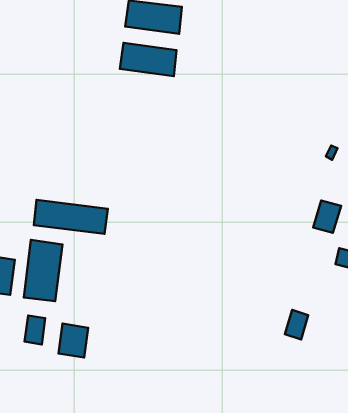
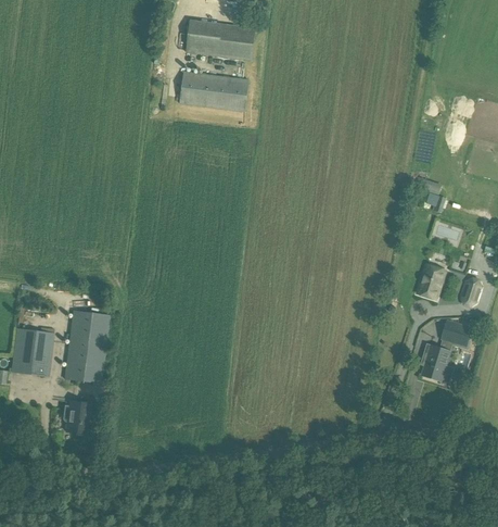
building: [34,200,108,234] -> none
building: [285,310,308,339] -> [422,346,450,381]
building: [58,324,88,358] -> none

